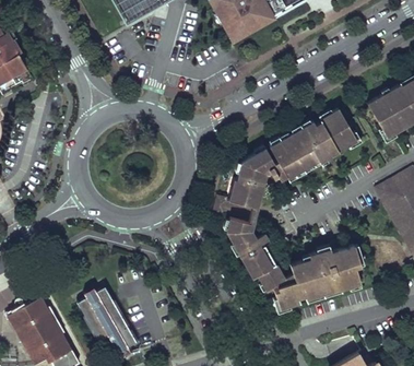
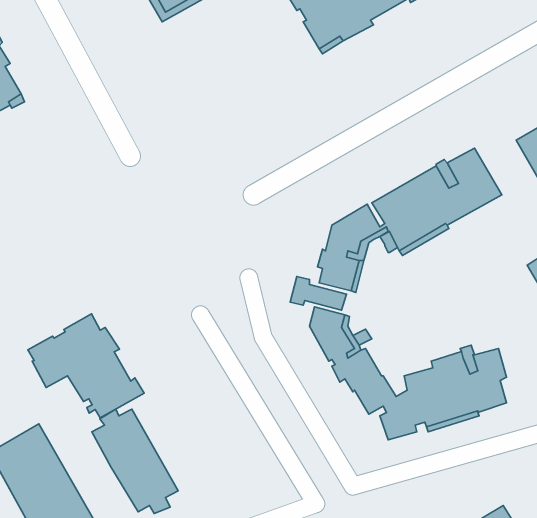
building: none -> [28,314,144,418]

